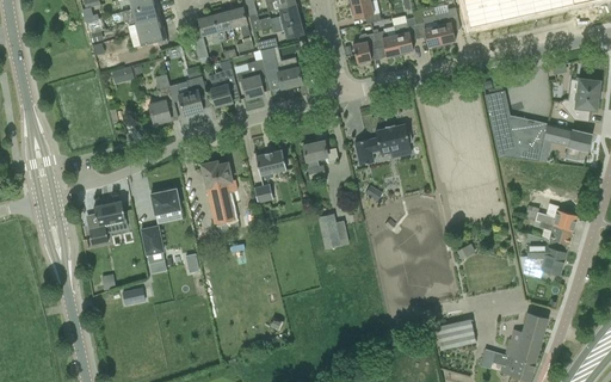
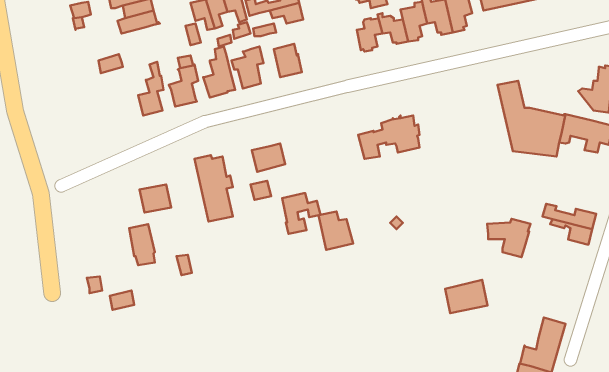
building: [303,141,339,179] -> [282,193,321,234]
building: [88,201,125,246] -> none
building: [527,240,568,276] -> [487,219,531,257]
building: [436,319,475,350] -> [445,280,487,313]

